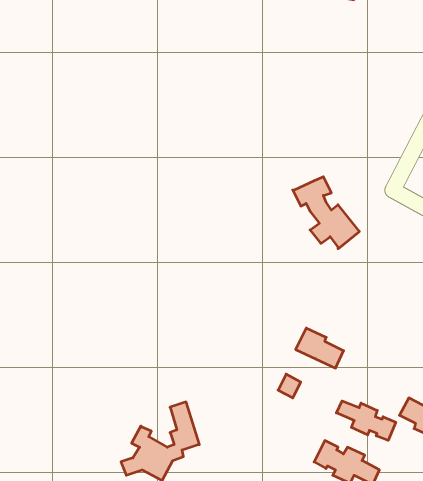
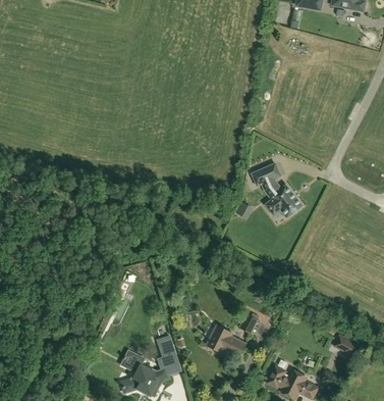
building: [296,328,344,368] -> [209,325,245,356]
building: [336,401,396,440] -> none

